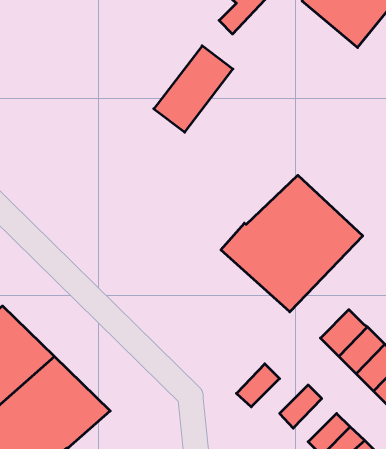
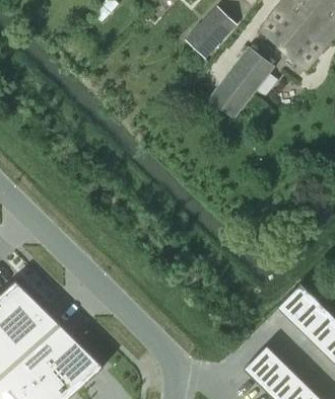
building: [154,46,233,132] -> [209,48,274,118]
building: [221,175,363,312] -> none
building: [236,364,280,407] -> [254,356,289,392]

